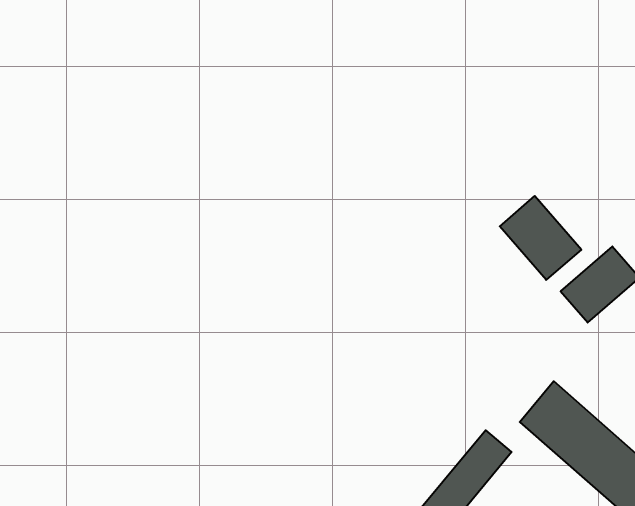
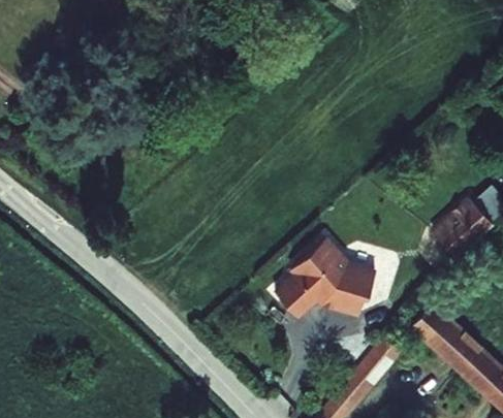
building: [500,196,581,280] -> none
building: none -> [279,236,380,315]

